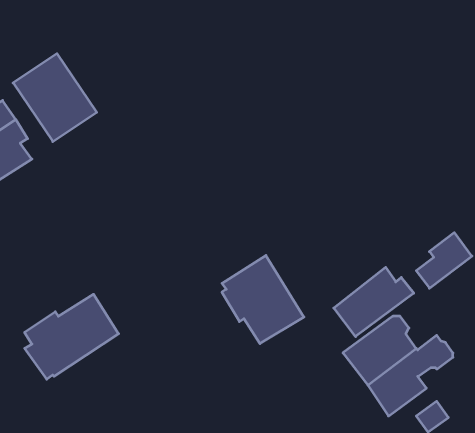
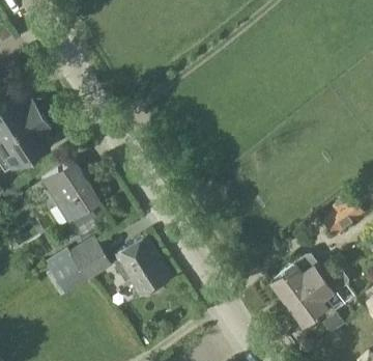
building: [13,54,97,142] -> [40,161,99,223]
building: [222,255,304,344] -> [114,237,172,299]
building: [334,267,414,337] -> none

